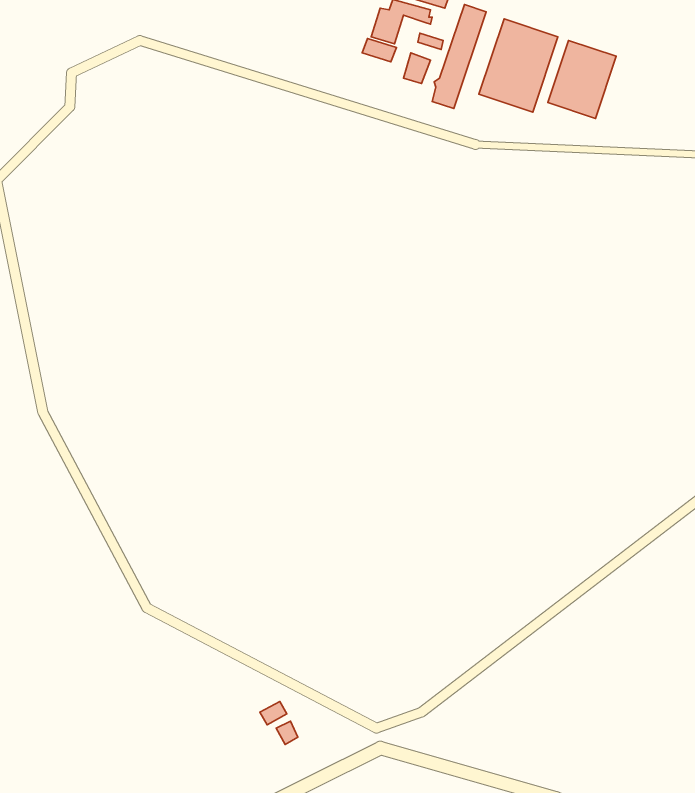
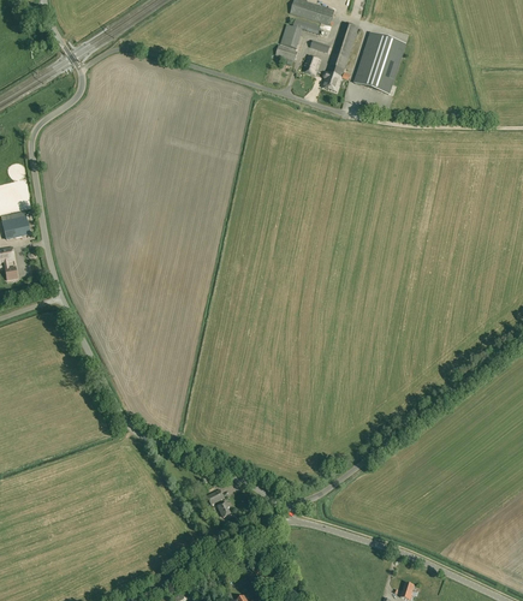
building: [548,40,616,119] -> none

